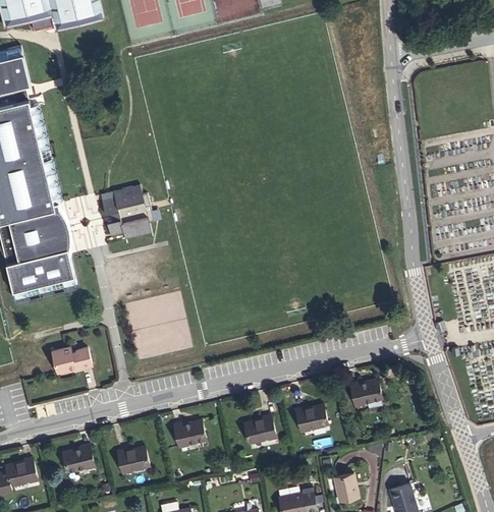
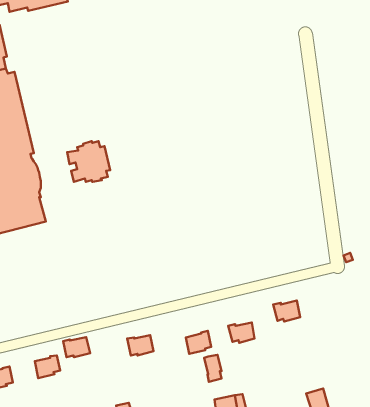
building: [51,346,91,372] -> none
building: none -> [204,355,221,382]
building: [116,446,149,470] -> [63,337,90,357]
building: [333,473,358,501] -> none

